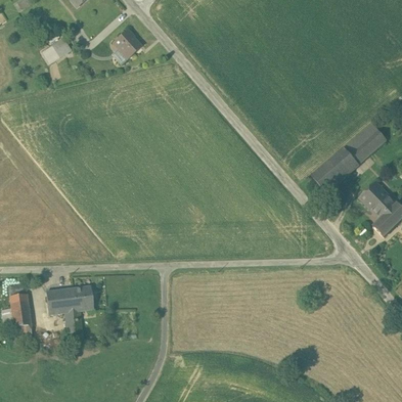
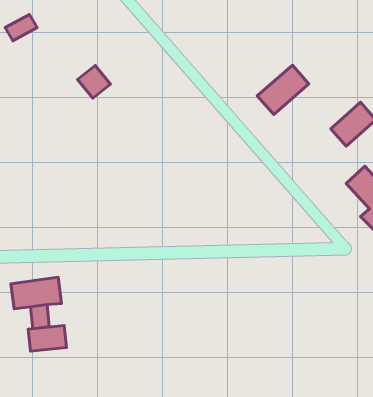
building: [114,30,144,60] -> [77,65,110,98]
building: [311,145,359,191] -> [257,65,309,115]
building: none -> [28,326,67,351]

